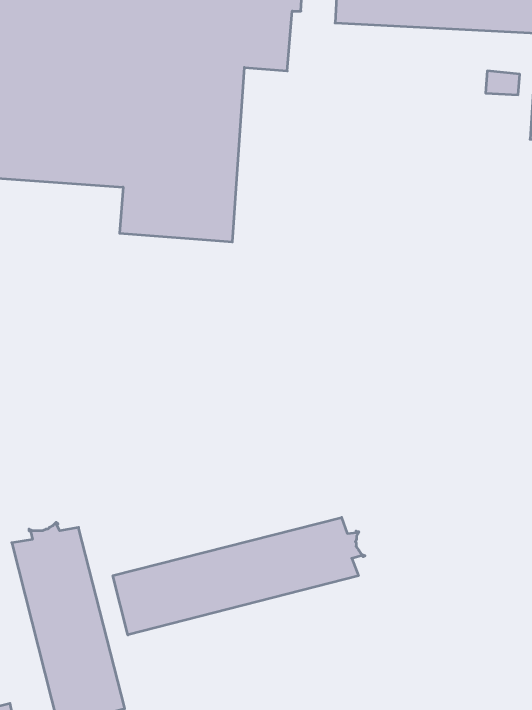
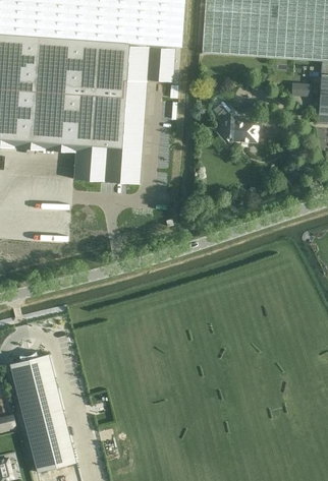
building: none -> [215,111,259,138]
building: [113,517,365,635] -> none

